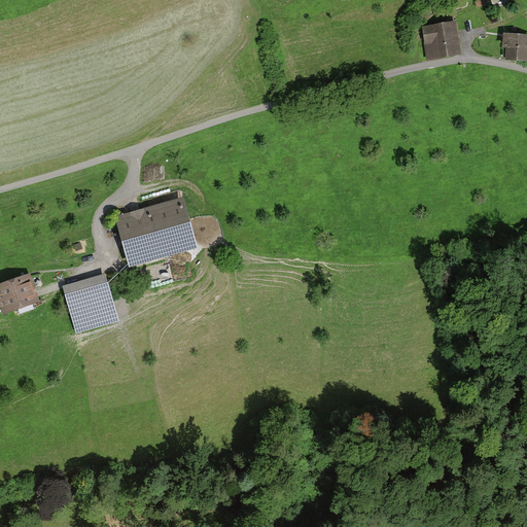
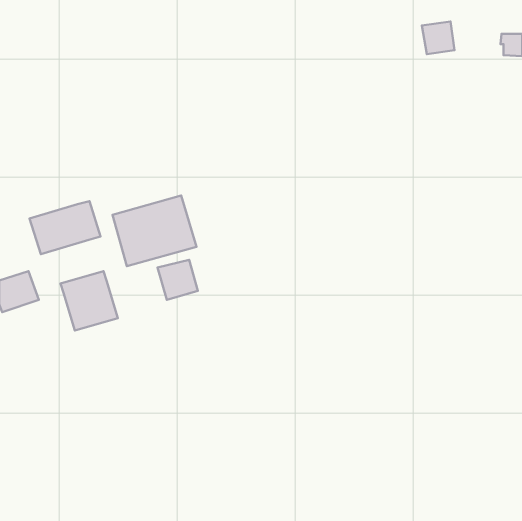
building: none -> [29,201,101,254]
building: none -> [158,260,198,300]

